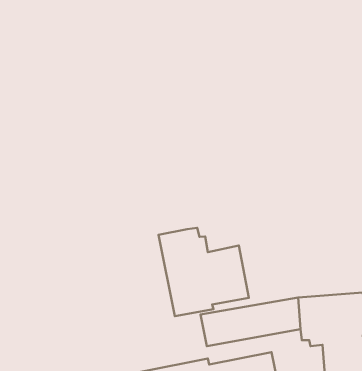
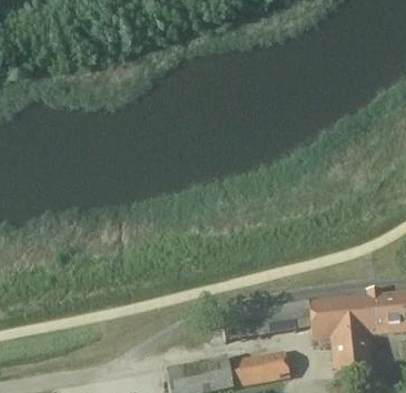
building: [158,228,249,316] -> none

